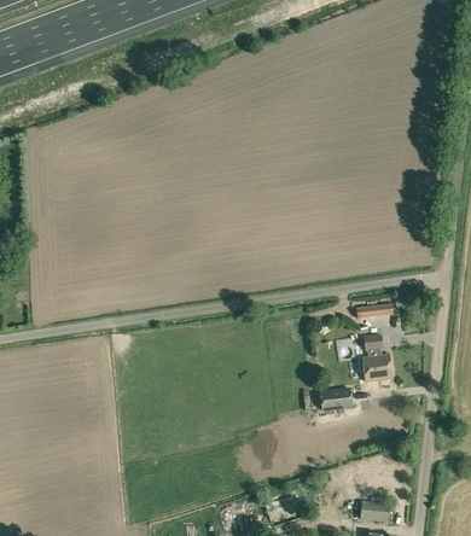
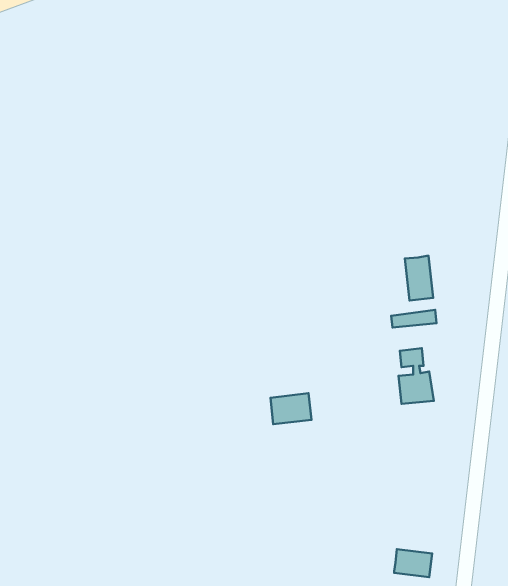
building: none -> [405,256,433,300]
building: [319,386,353,412] -> [270,393,311,424]

